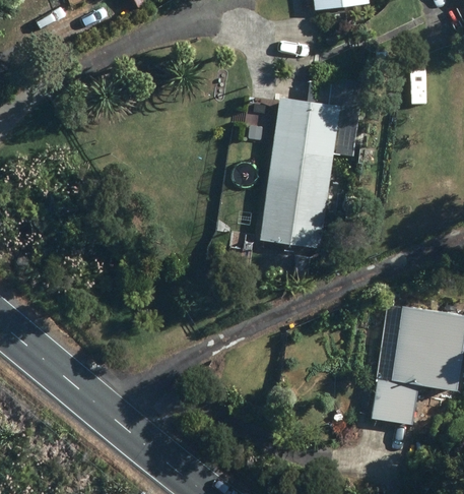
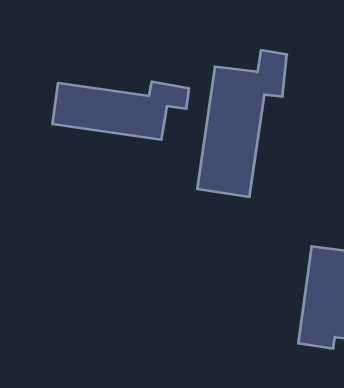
building: none -> [53,82,189,140]

